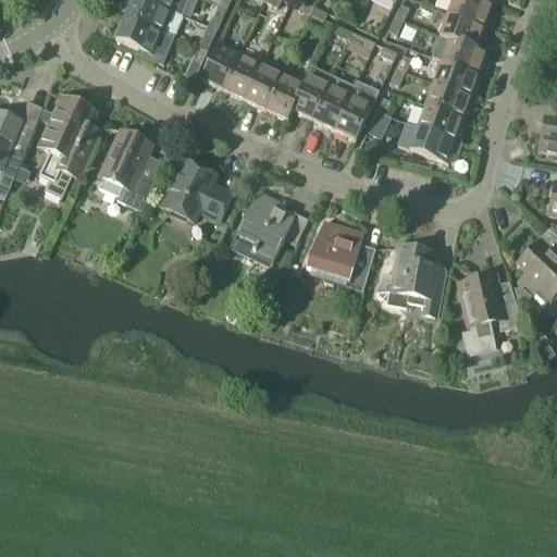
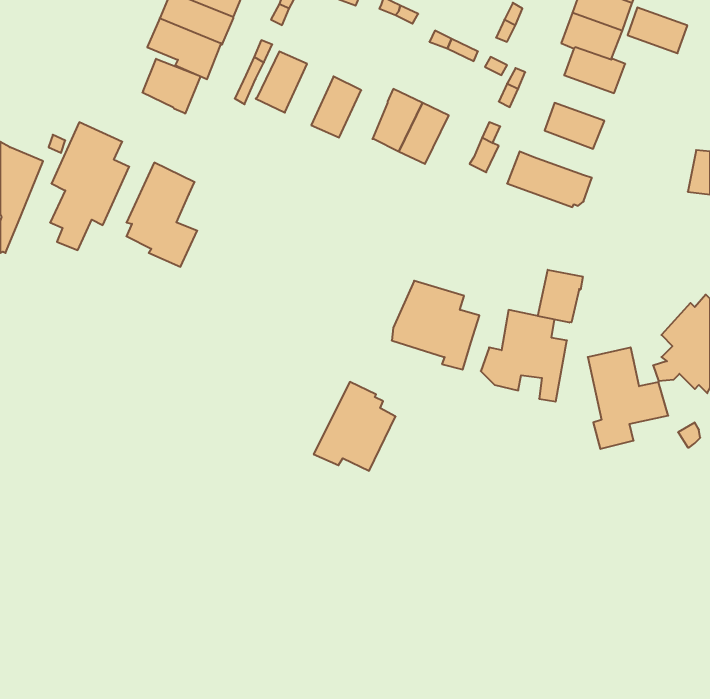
building: none -> [142,59,200,114]
building: [223,50,261,98] -> none
building: [434,59,481,95] -> [628,7,687,53]
building: [265,71,304,119] -> none
building: [333,78,379,139] -> none
building: [418,102,465,137] -> none
building: [161,158,233,220] -> none
building: [230,190,294,260] -> [314,382,396,471]
building: none -> [538,270,583,323]

